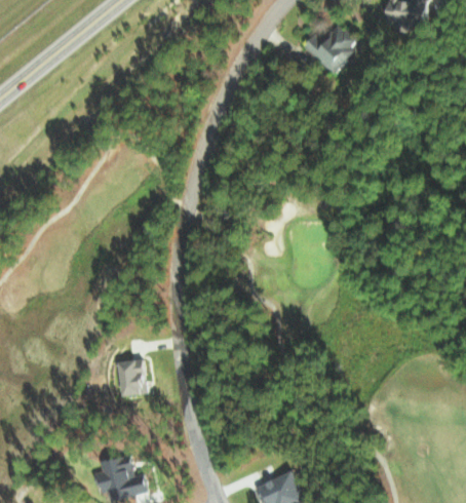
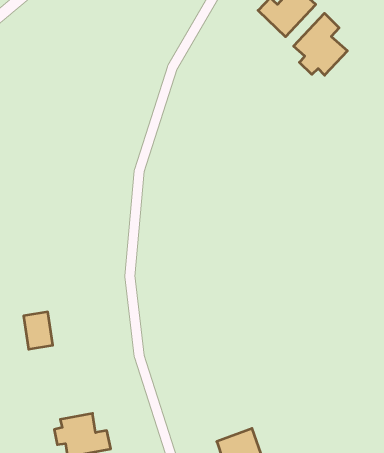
building: none -> [294,13,347,75]
building: [118,358,148,396] -> [24,312,53,349]

